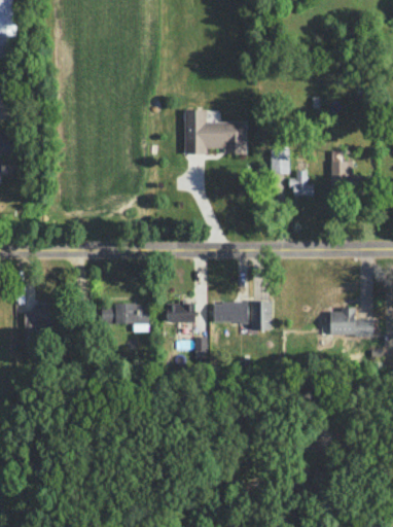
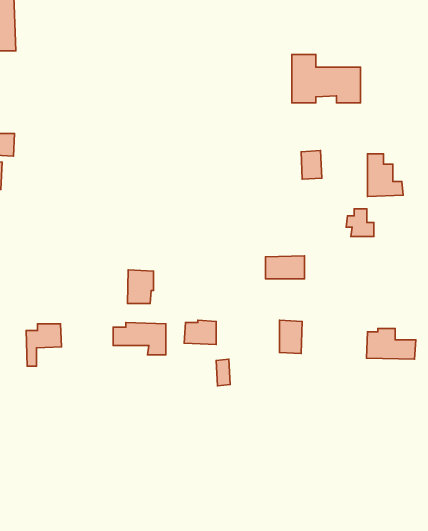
building: [185,110,247,153] -> [292,55,361,103]
building: [289,171,314,196] -> [346,209,374,236]
building: none -> [127,270,154,304]
building: [214,302,249,322] -> [266,256,305,279]

